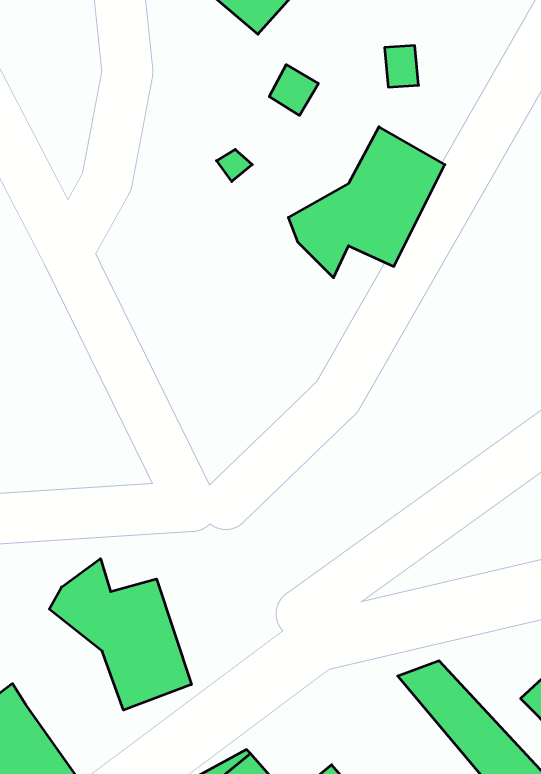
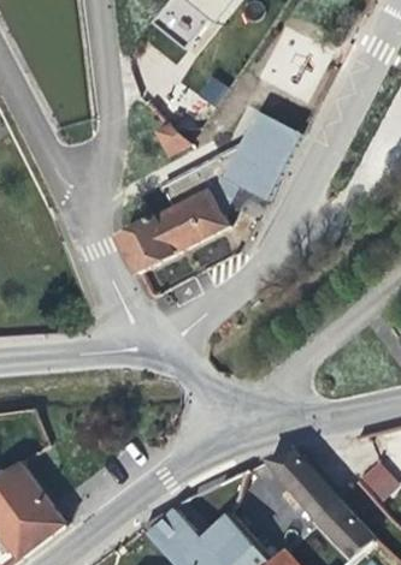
building: none -> [122,168,230,279]
building: [49,559,191,710] -> none

